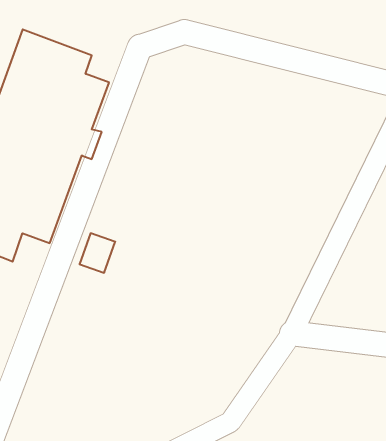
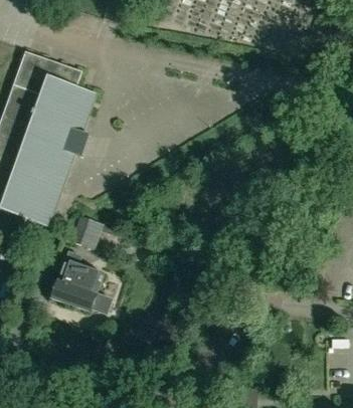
building: none -> [52,260,105,313]

